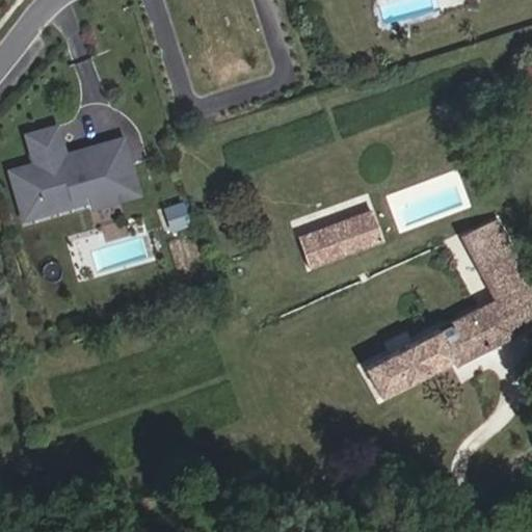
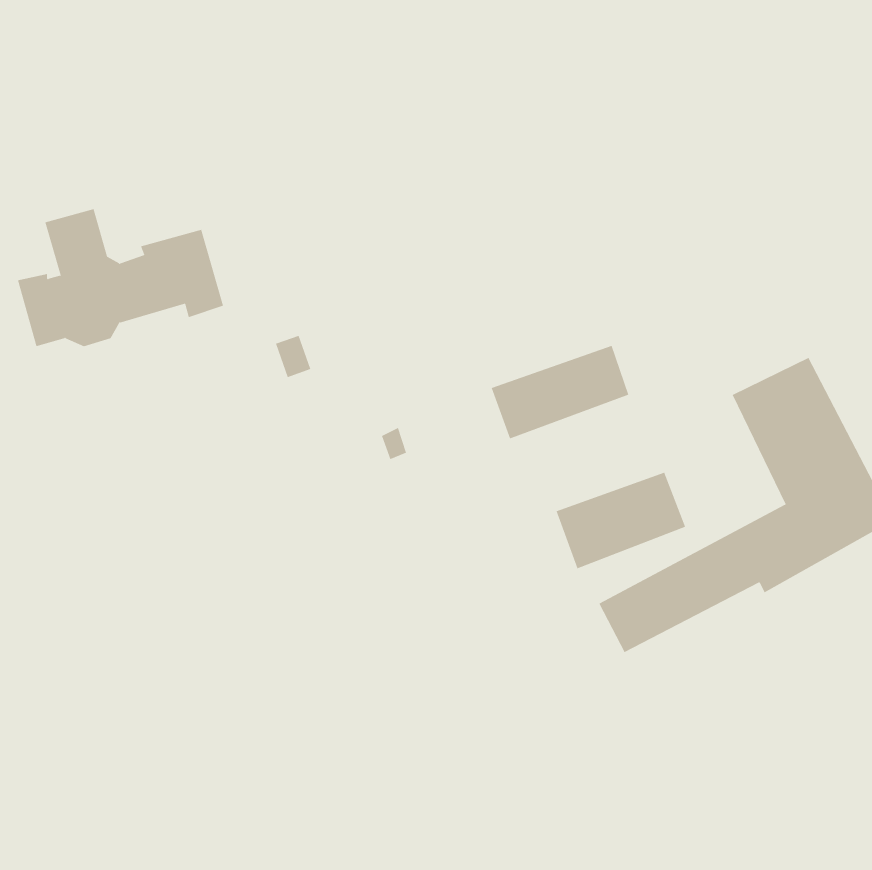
building: none -> [556,472,686,569]

